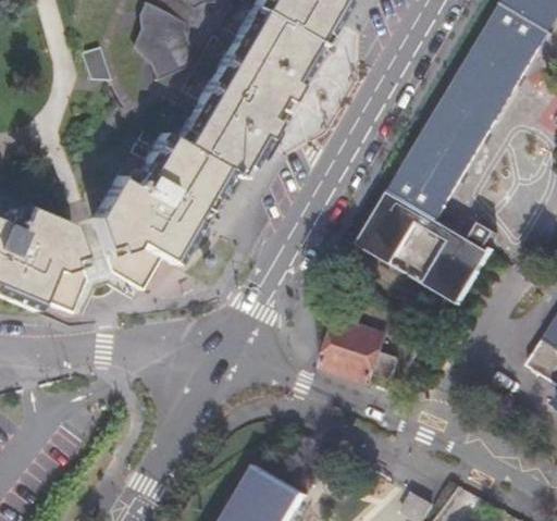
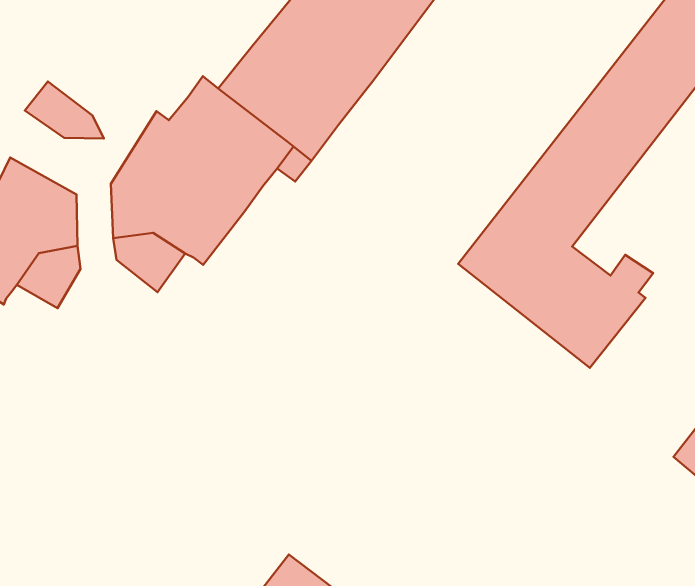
building: none -> [25,81,104,138]
building: [326,319,401,384] -> none

